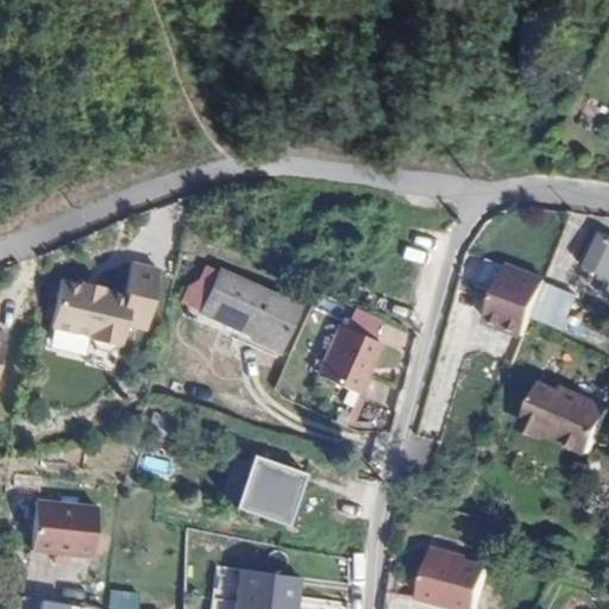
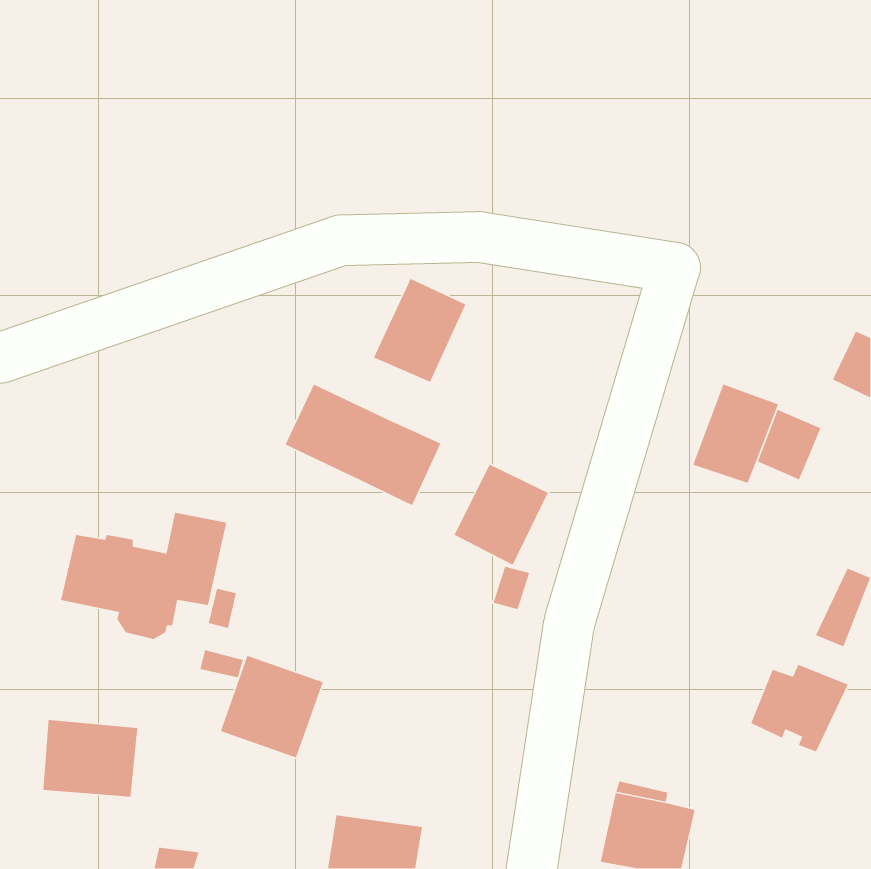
building: none -> [373,278,466,383]
building: [39,259,156,349] -> [60,512,227,640]
building: [522,382,591,444] -> [750,664,849,752]
building: [231,453,303,526] -> [220,655,324,759]

